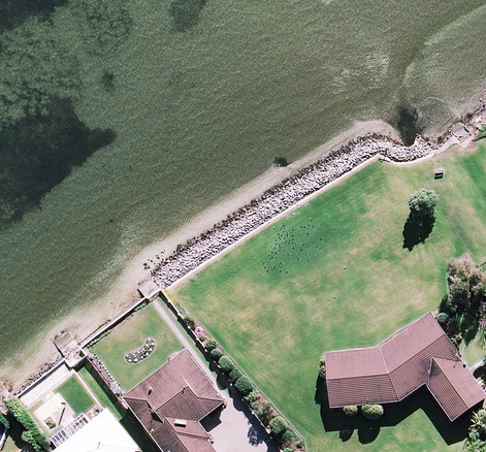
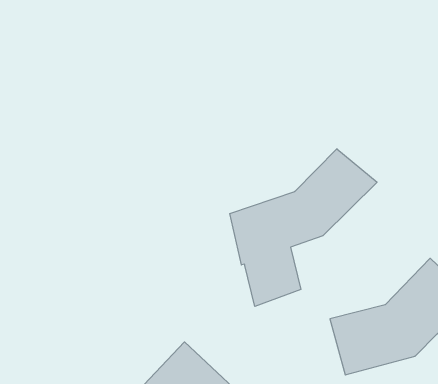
building: none -> [230,149,377,306]

